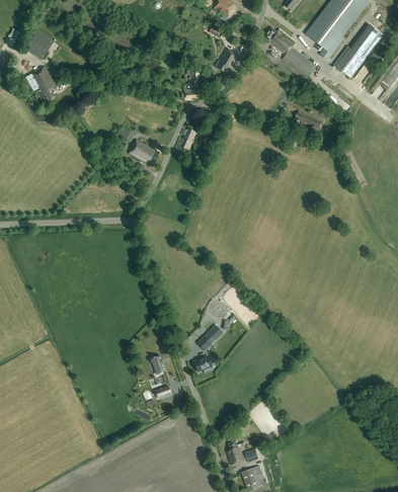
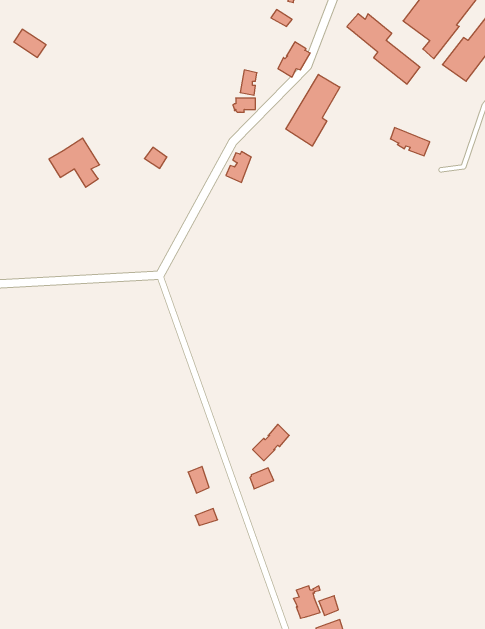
building: [20,66,57,101] -> [49,138,100,187]
building: none -> [286,74,340,146]
building: [129,140,160,167] -> none

